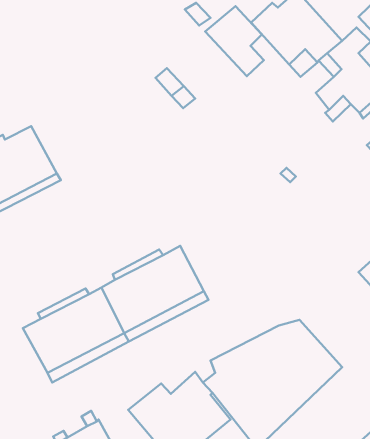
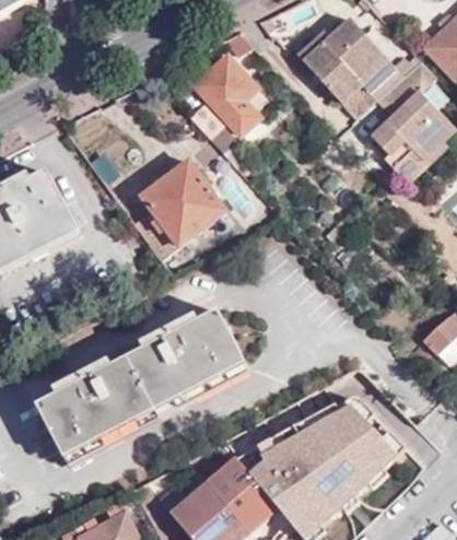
building: [205,6,264,76] -> [192,57,260,138]
building: none -> [134,163,226,260]

